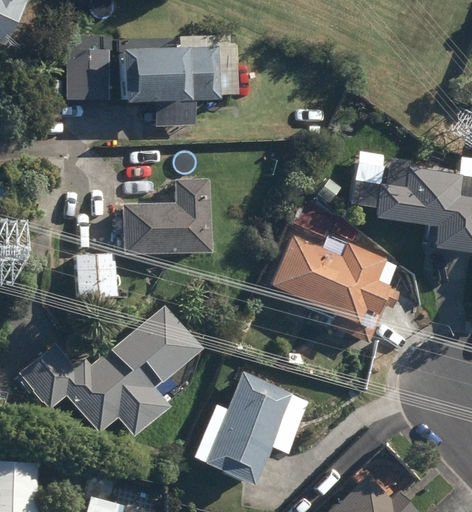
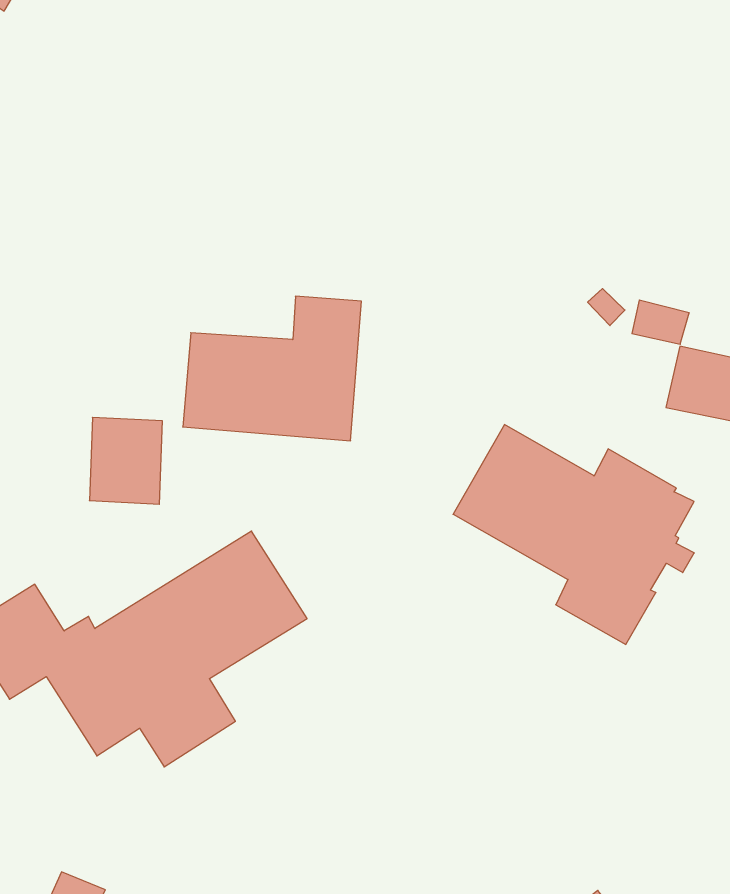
building: [125,35,237,127] -> none
building: [66,50,109,104] -> none
building: [206,374,292,483] -> none

